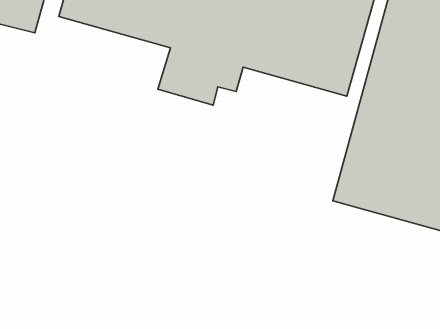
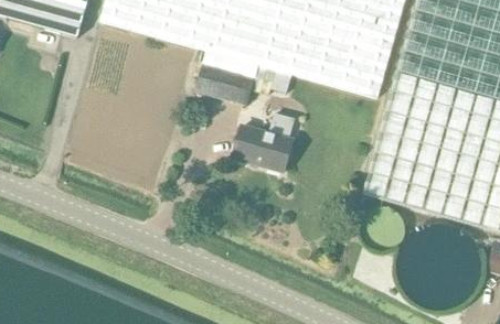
building: none -> [232,110,295,173]

